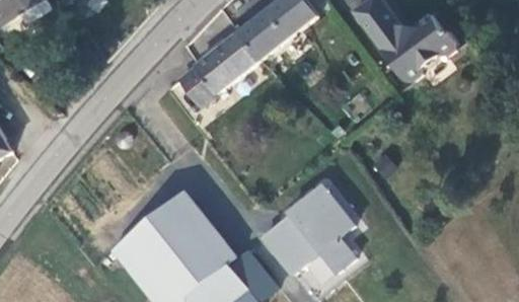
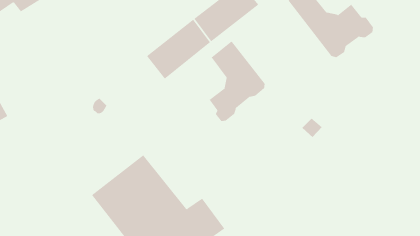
building: none -> [209,40,265,122]
building: [264,184,354,273] -> none

